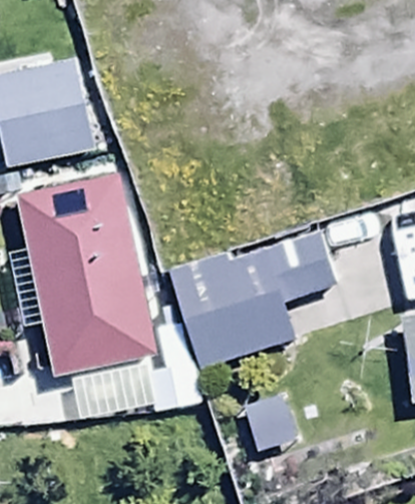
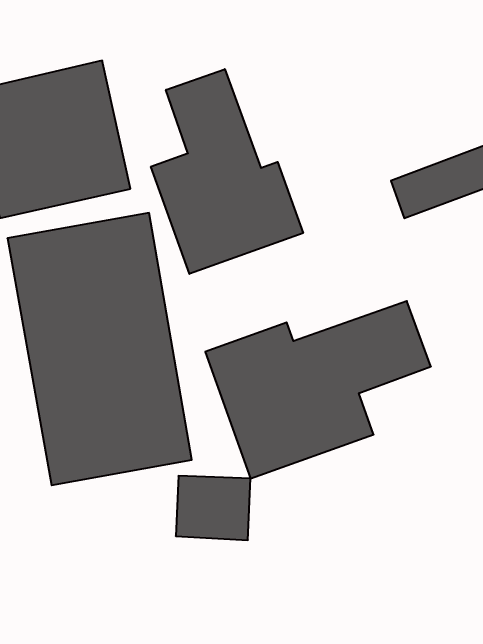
building: none -> [151,69,303,274]

